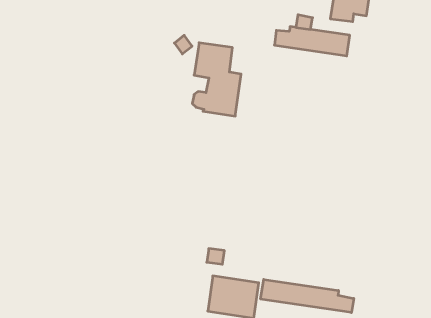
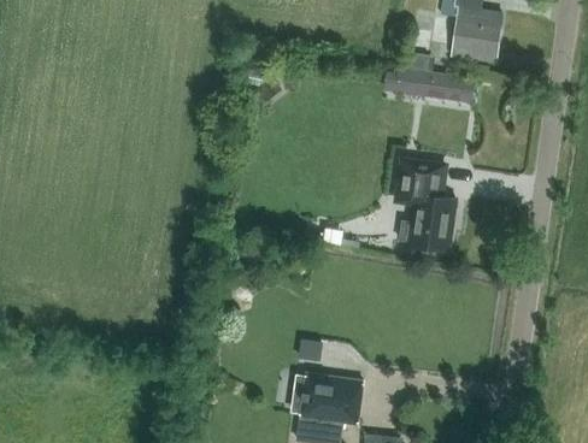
building: [192,43,241,116] -> [395,161,455,252]
building: [261,279,354,313] -> none

